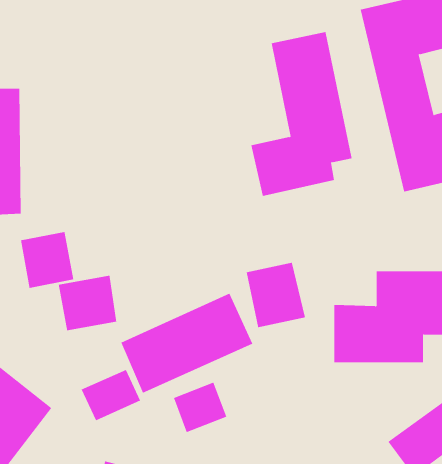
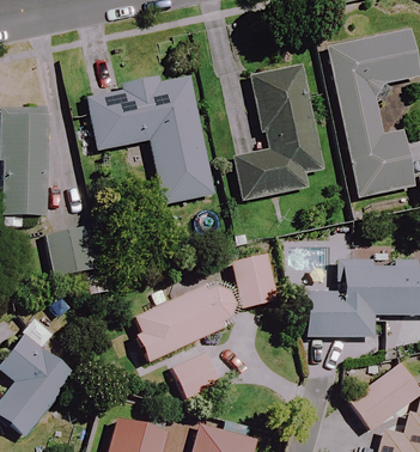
building: none -> [87,77,213,203]
building: [58,275,117,331] -> none
building: [81,369,141,421] -> none

